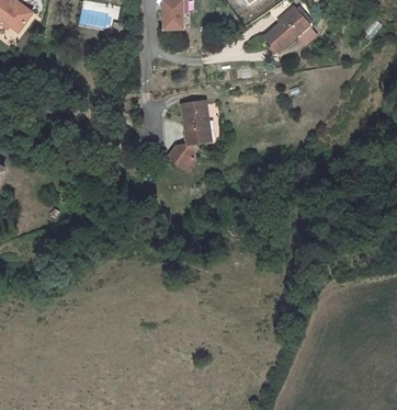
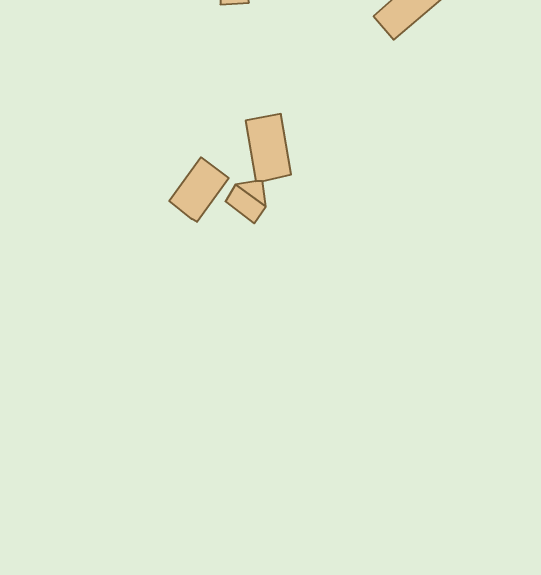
building: none -> [169,157,229,222]

